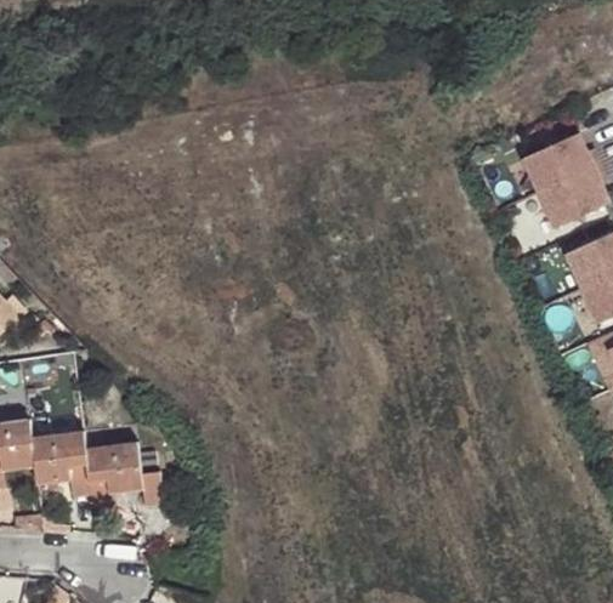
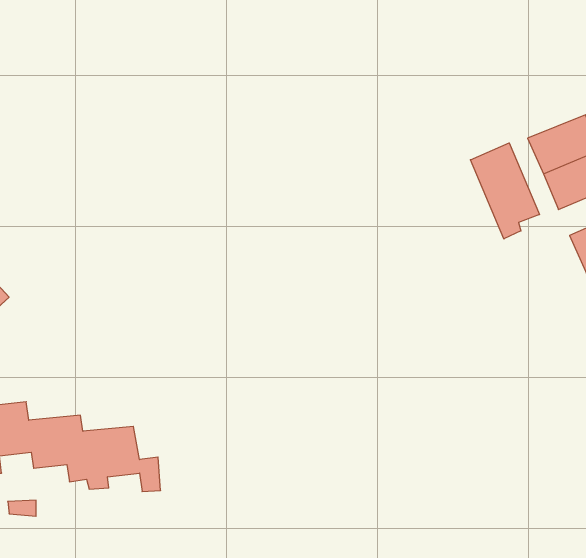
building: none -> [470,143,539,239]

